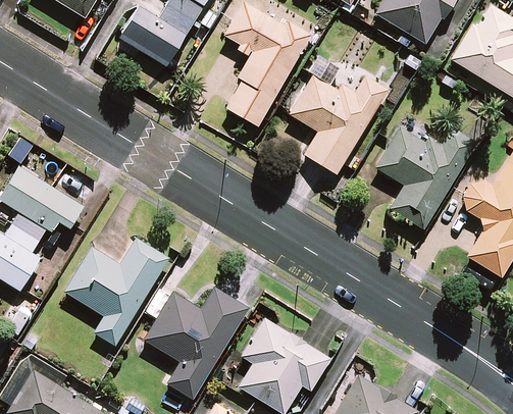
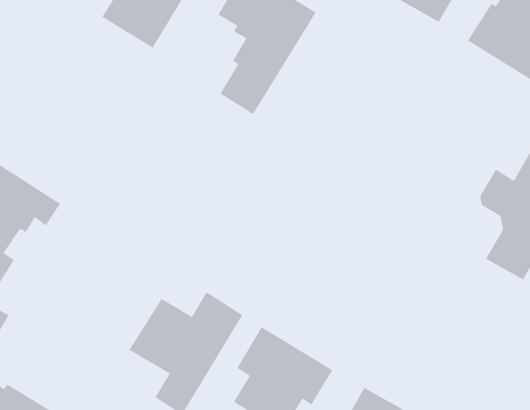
building: [290,76,387,174] -> none
building: [376,127,476,229] -> none
building: [65,239,167,345] -> none

